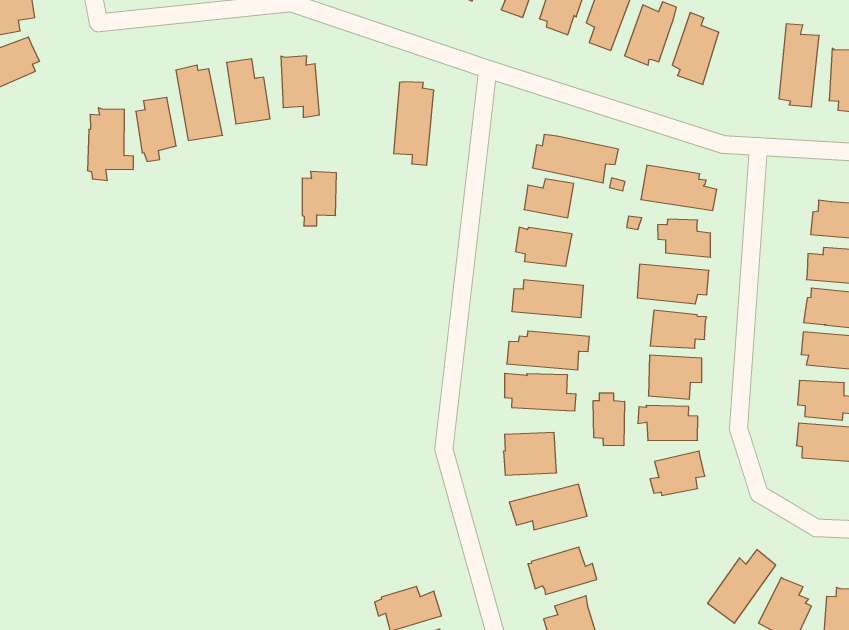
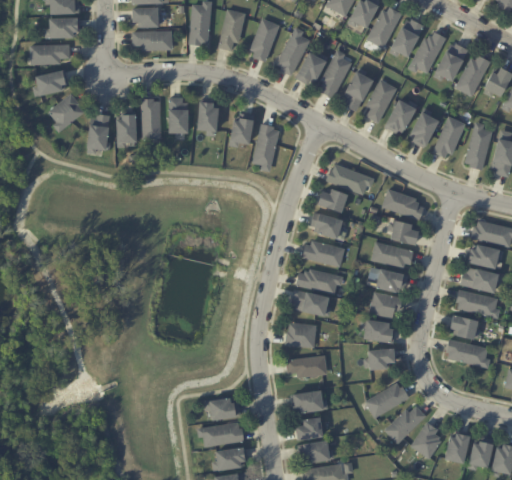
building: none -> [433,117,465,157]
building: none -> [48,92,83,131]
building: [302,171,336,226] -> [230,115,252,145]
building: [593,393,624,446] -> none
building: none -> [366,383,409,417]

